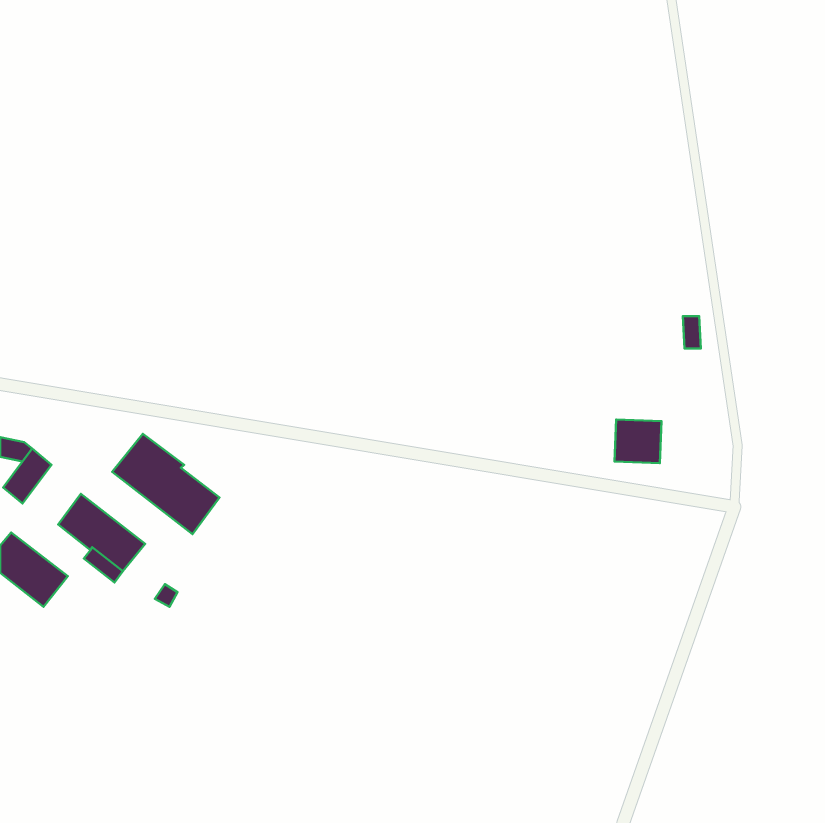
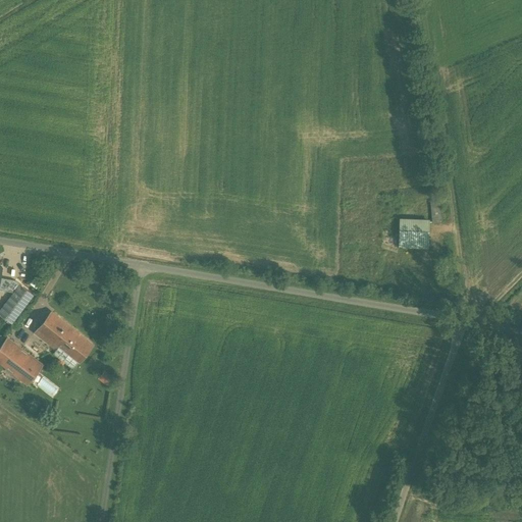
building: [615,420,661,463] -> [398,221,427,249]
building: [112,434,219,534] -> none

